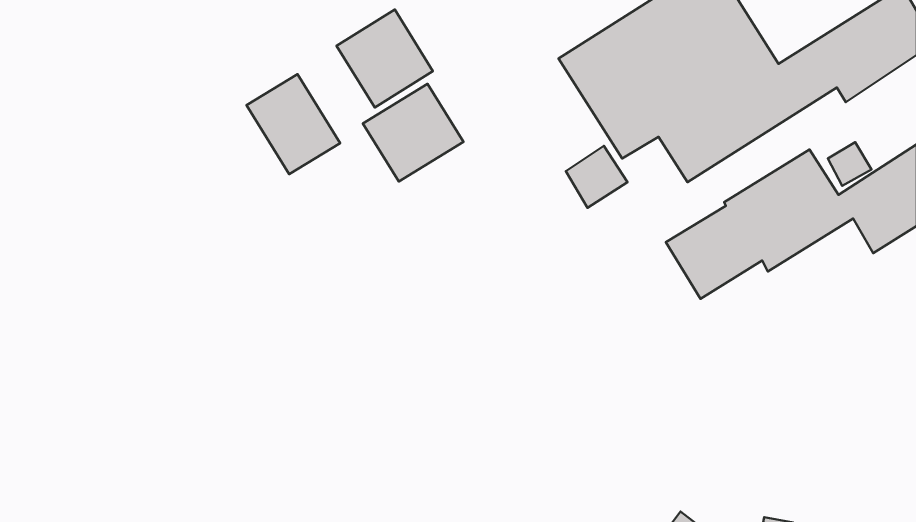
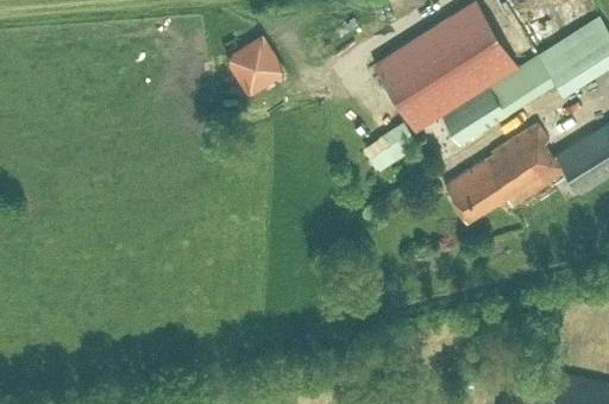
building: [247,74,340,174] -> none
building: [363,84,463,182] -> none

